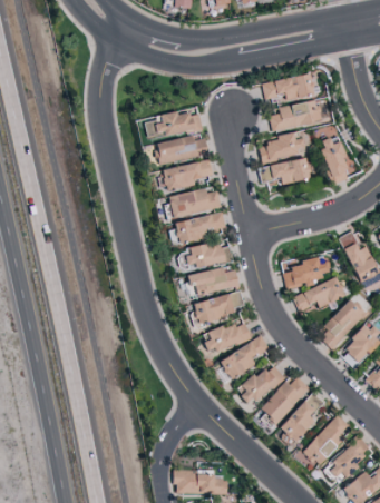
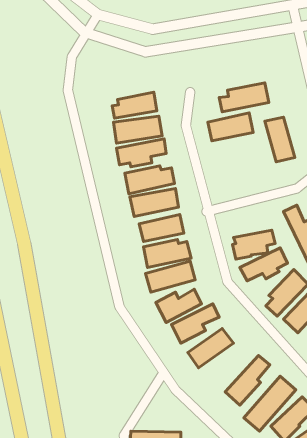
building: [262,71,314,100] -> none
building: [259,157,311,185] -> none
building: [259,374,311,425] -> none

